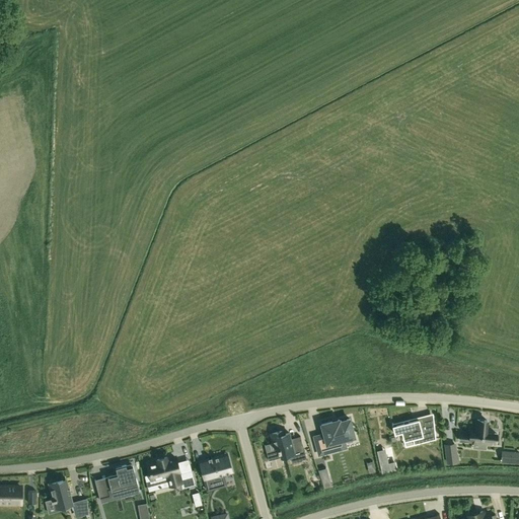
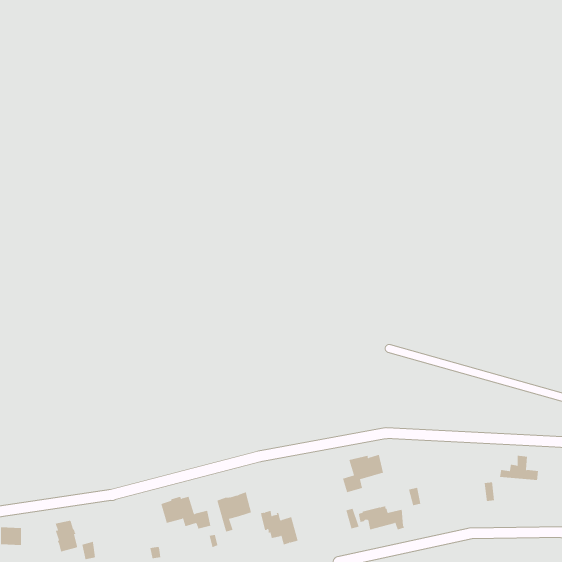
building: [392,419,436,441] -> [358,506,405,530]
building: [271,430,306,462] -> [260,510,299,545]
building: [97,465,140,499] -> none

